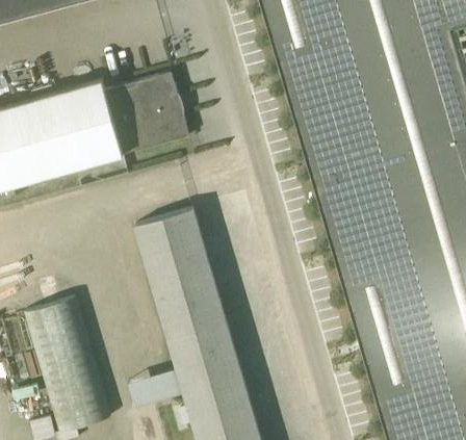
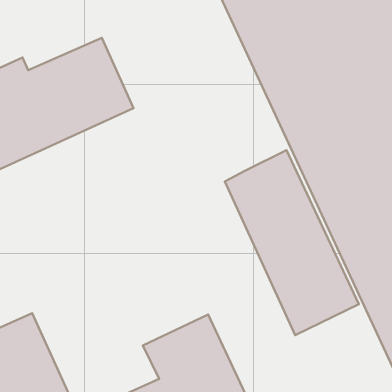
building: none -> [225,150,359,335]
building: [134,210,226,340] -> none

